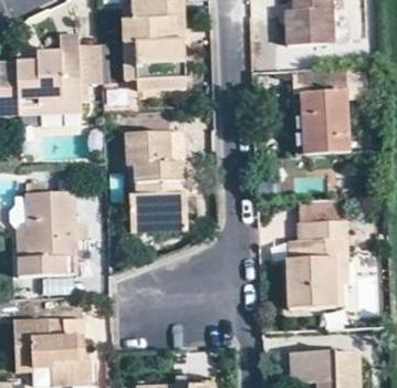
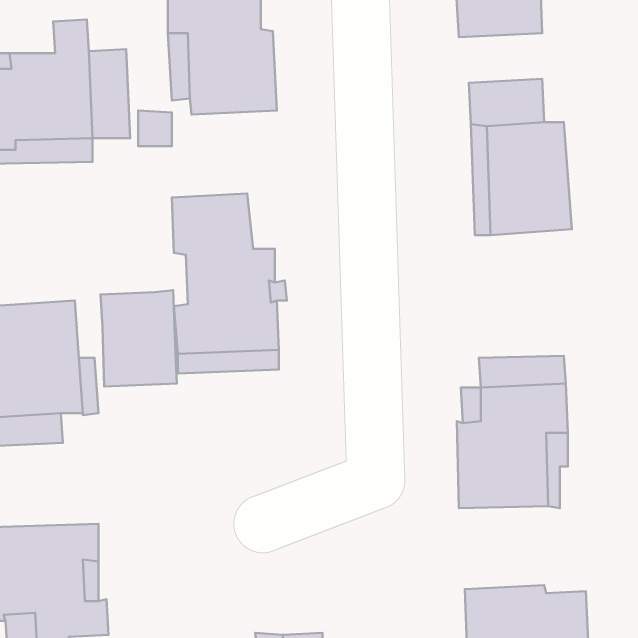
building: none -> [101,290,177,386]
building: [296,198,345,224] -> none

